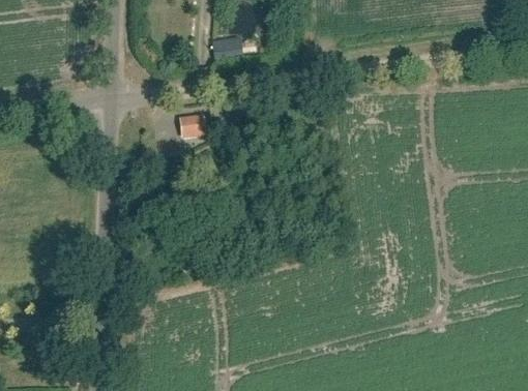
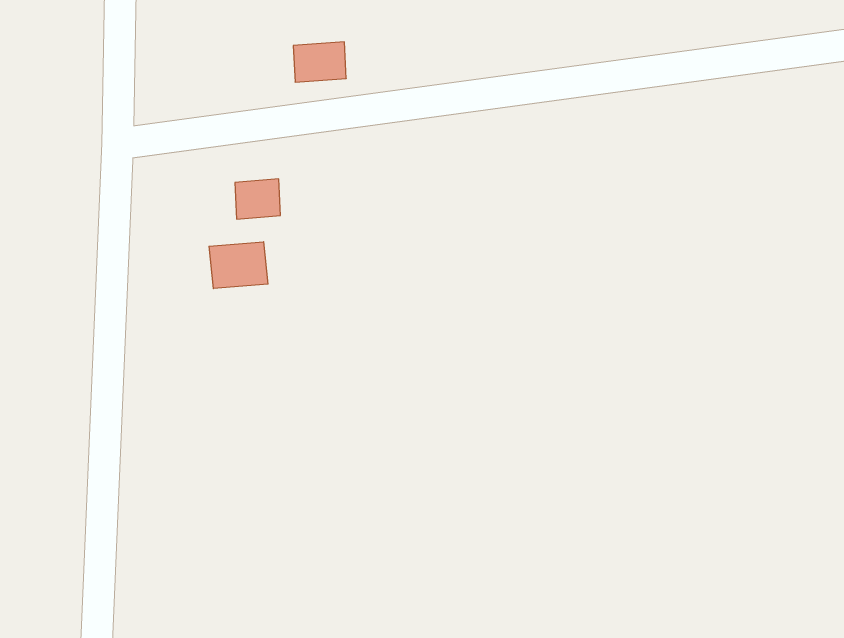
building: none -> [209,242,268,289]

